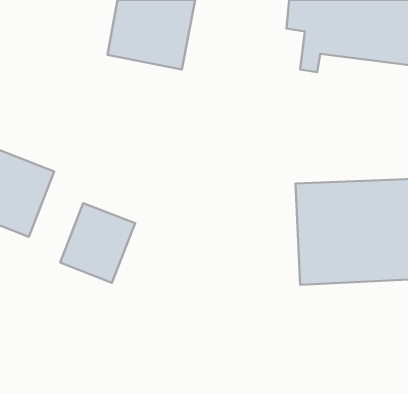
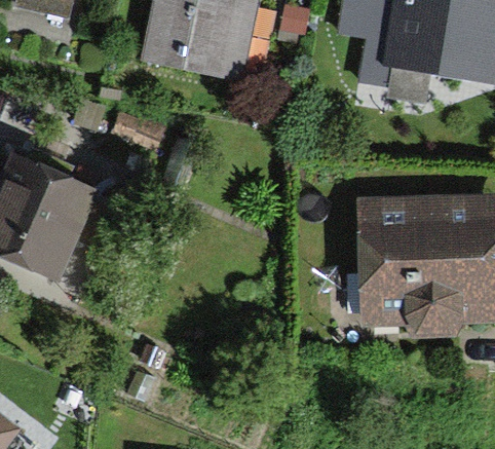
building: [60,203,135,283] -> none

